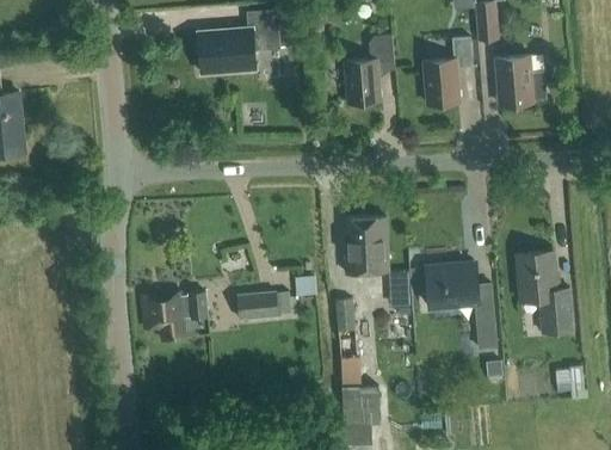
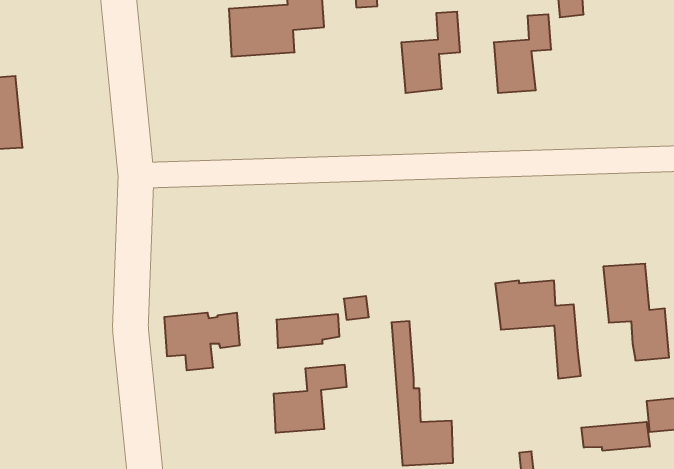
building: [495,56,544,106] -> none
building: [344,217,412,302] -> none
building: none -> [274,365,347,433]
building: none -> [581,422,650,451]

